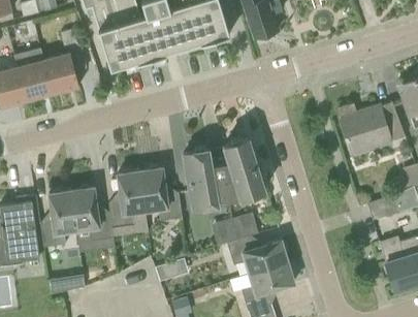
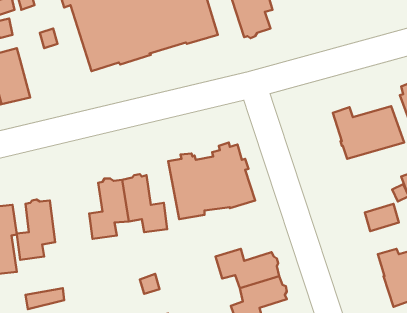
building: [43,53,78,95] -> none
building: [71,187,114,242] -> none
building: [211,214,258,246] -> none

